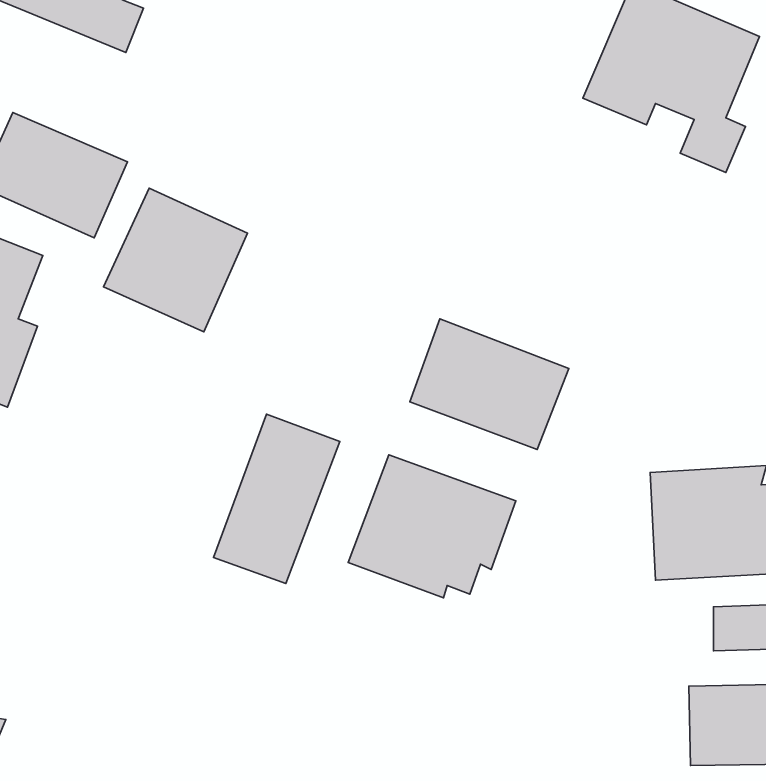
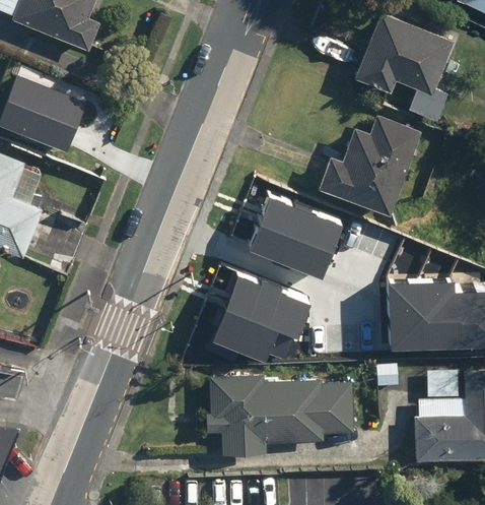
building: none -> [310,113,420,213]
building: [104,188,247,332] -> none
building: [214,414,340,584] -> none
building: none -> [209,374,353,452]

